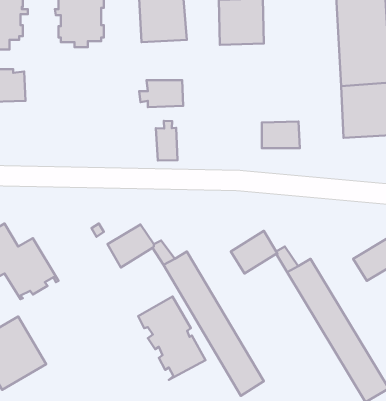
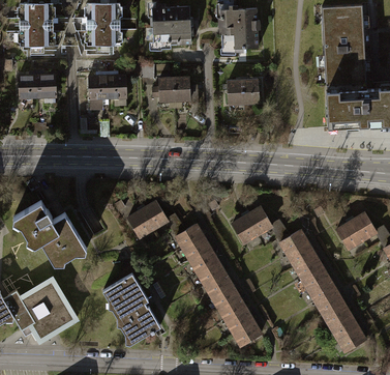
building: none -> [88,74,127,99]
building: [156,121,177,160] -> none
building: [262,121,300,148] -> [230,81,262,104]
building: [138,296,205,380] -> [102,273,159,344]

